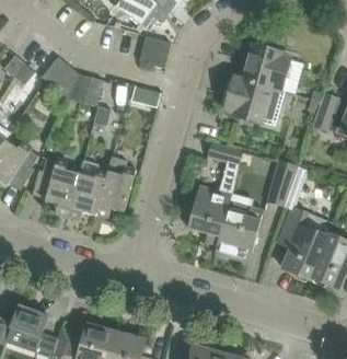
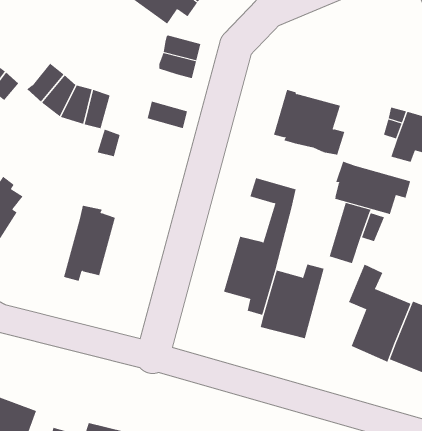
building: [243,44,290,90] -> none
building: none -> [334,161,411,215]
building: [96,155,137,217] -> none
building: [33,157,81,216] -> none

